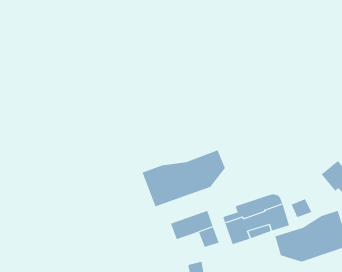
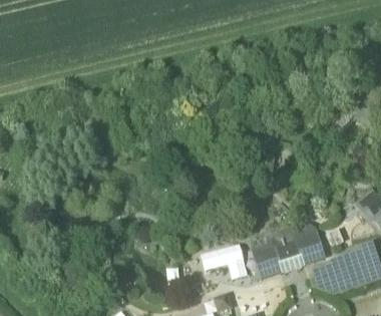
building: [142,149,225,207] -> none

